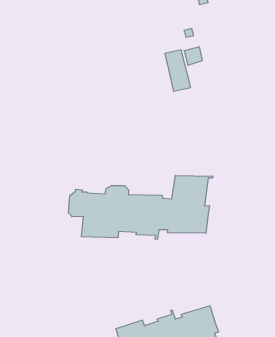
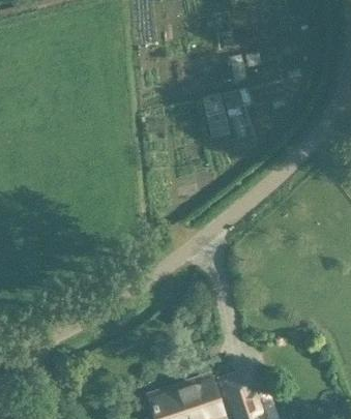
building: [68,175,213,239] -> none

